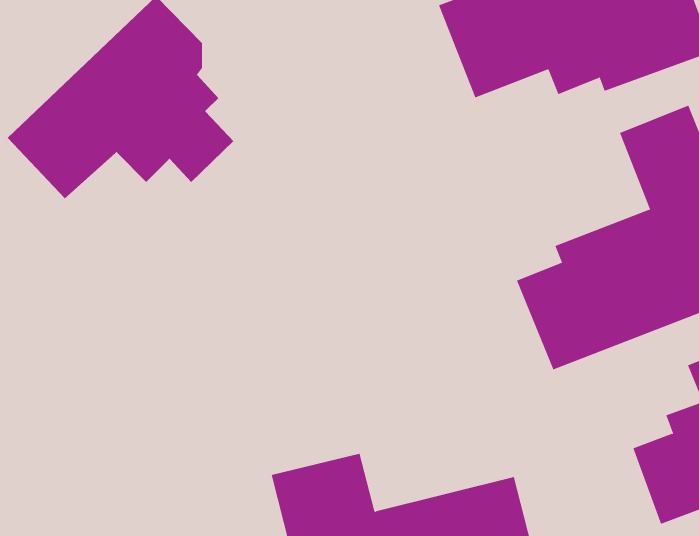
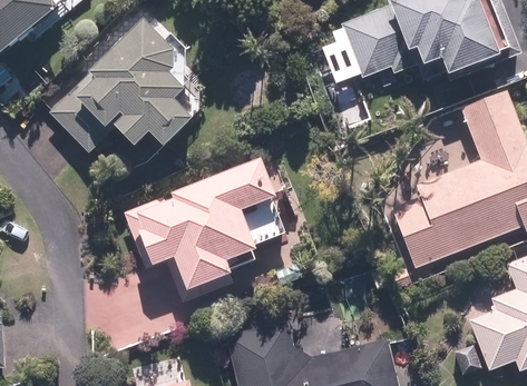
building: none -> [123,156,286,299]

